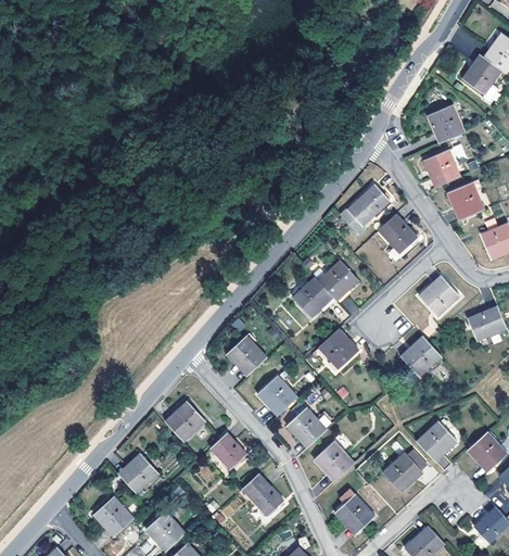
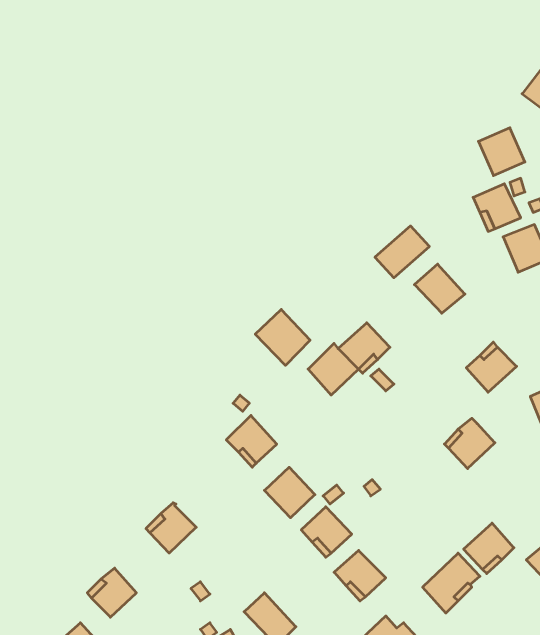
building: none -> [255,309,310,365]
building: [317,329,357,369] -> none
building: [208,435,245,471] -> none

